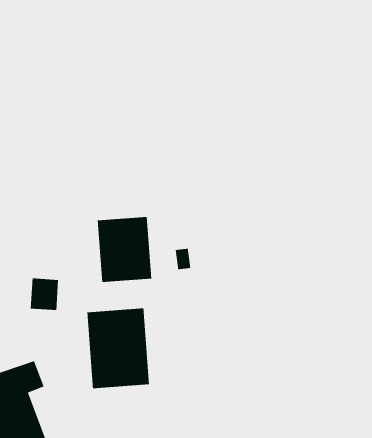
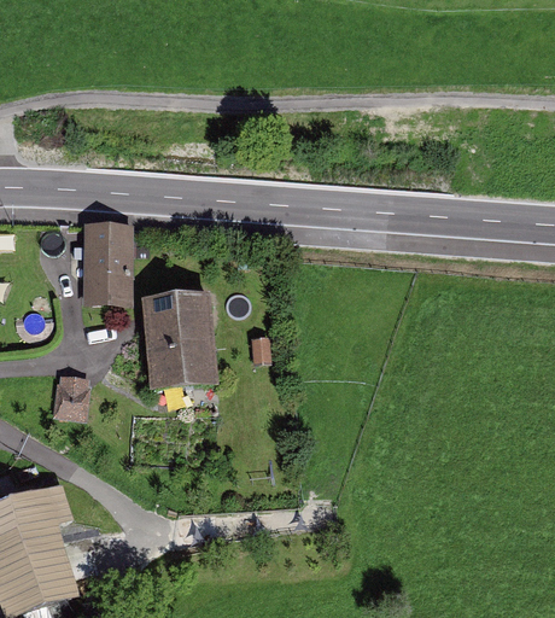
building: none -> [81,223,130,307]
building: [87,308,149,389] -> none

